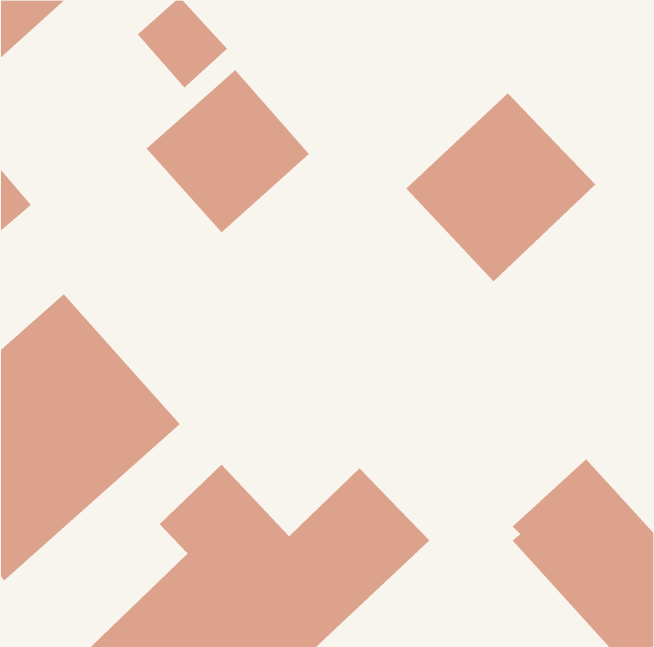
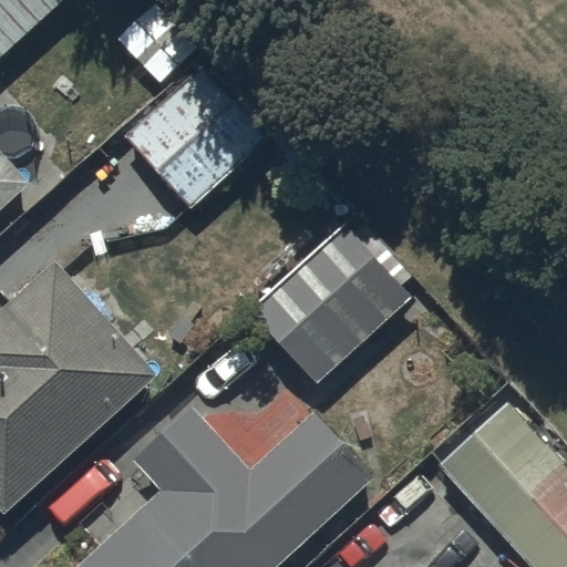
building: [405,92,596,282] -> none
building: none -> [249,223,413,385]

